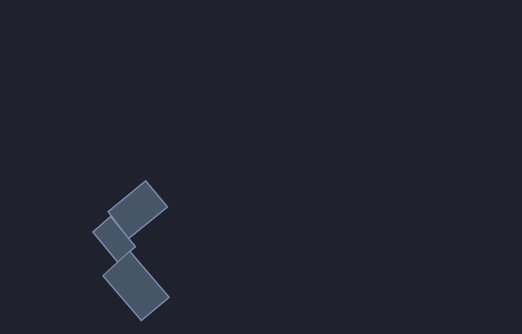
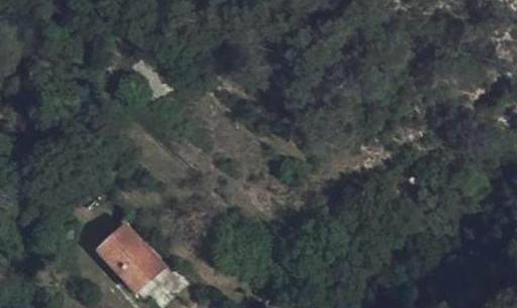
building: [108,181,167,239] -> none

